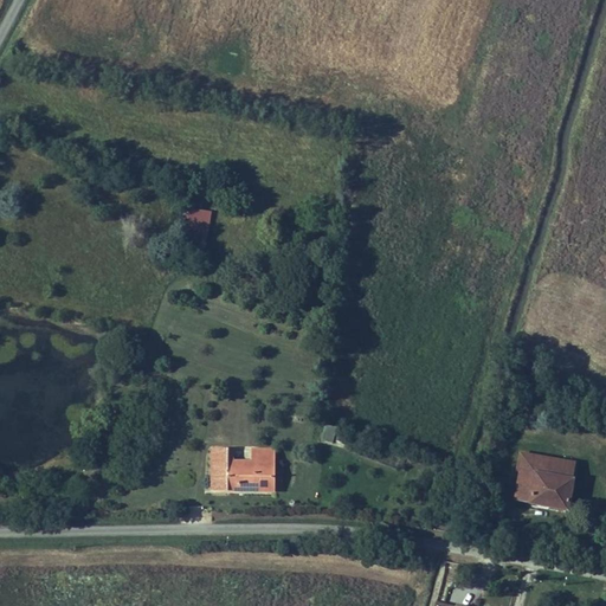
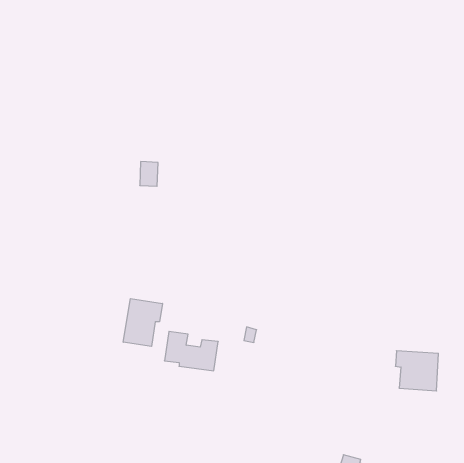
building: none -> [123,299,162,346]

